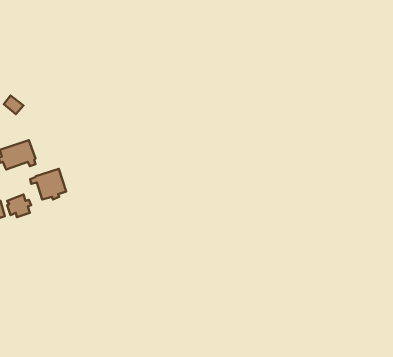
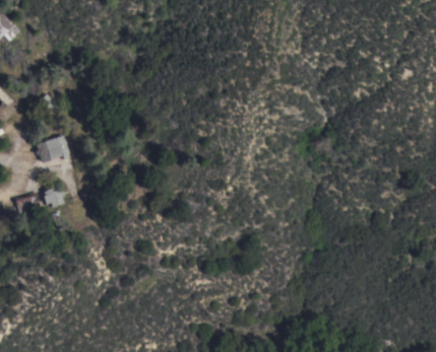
building: [30,169,66,200] -> none

